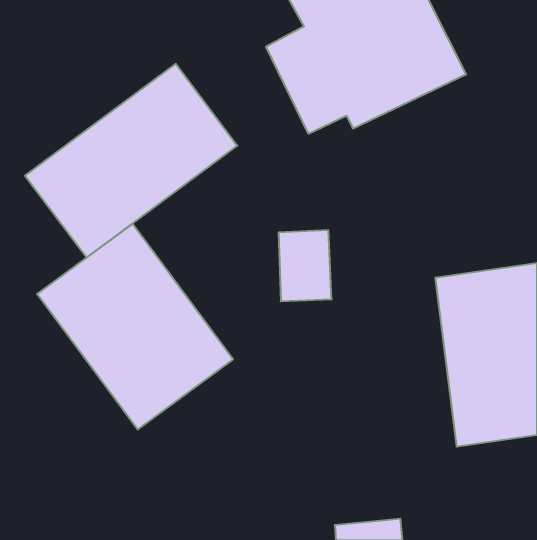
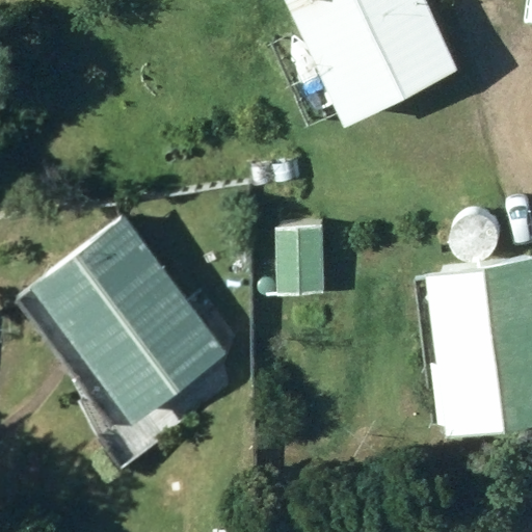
building: [25,64,237,258] -> none

